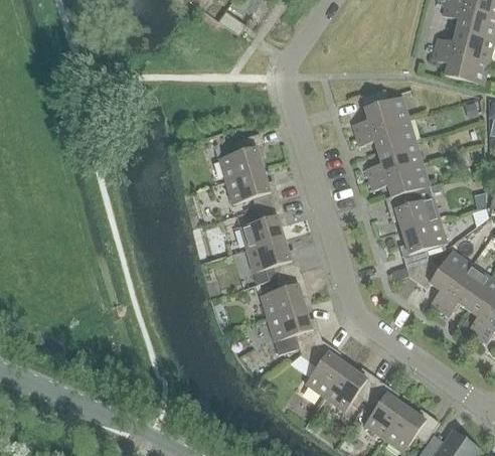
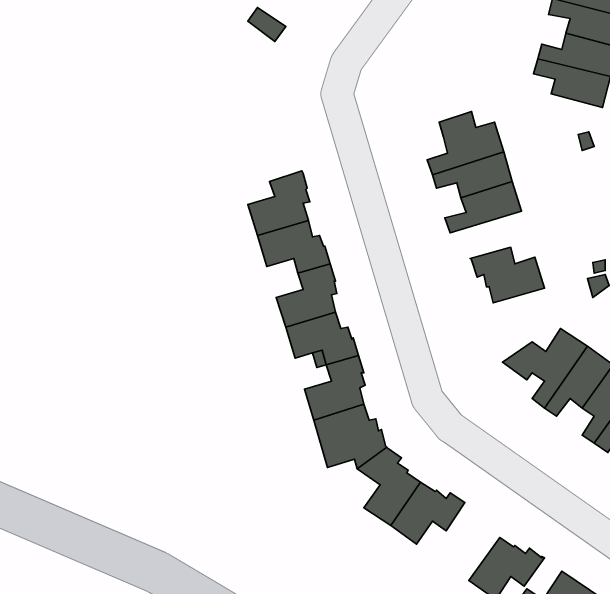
building: [368,162,429,195] -> none
building: [400,219,446,275] -> none
building: [363,379,405,438] -> none

